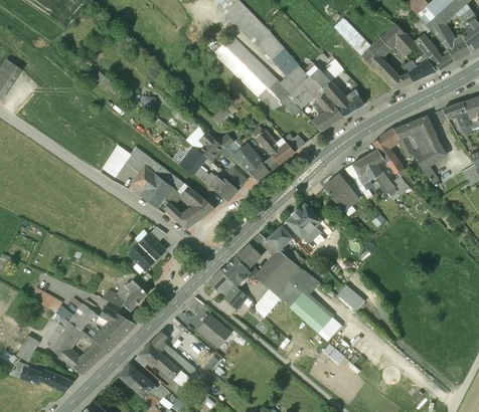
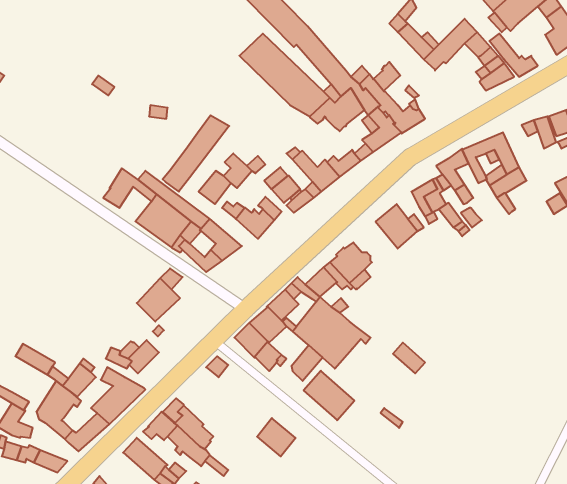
building: [433,27,470,61] -> none
building: [371,58,413,88] -> none
building: none -> [163,115,229,192]
building: [290,291,331,332] -> [304,371,354,420]
building: [198,316,229,347] -> [257,418,296,456]

